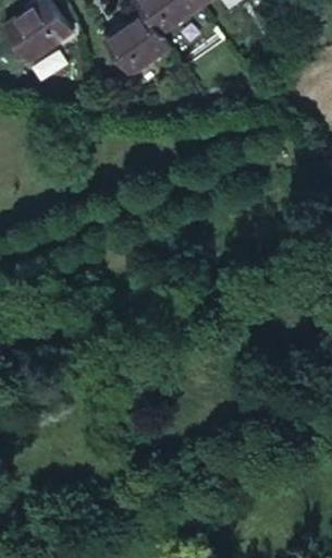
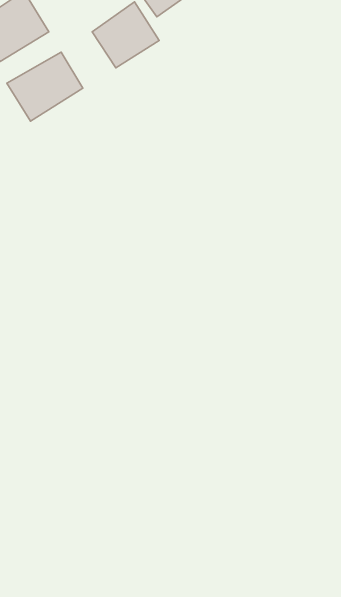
building: none -> [7,52,83,121]

